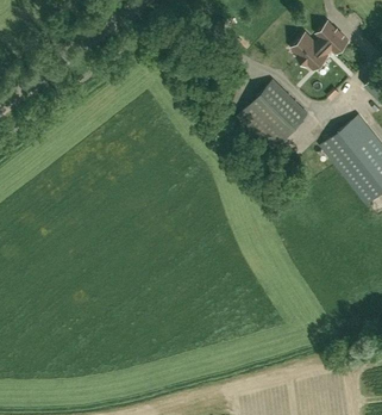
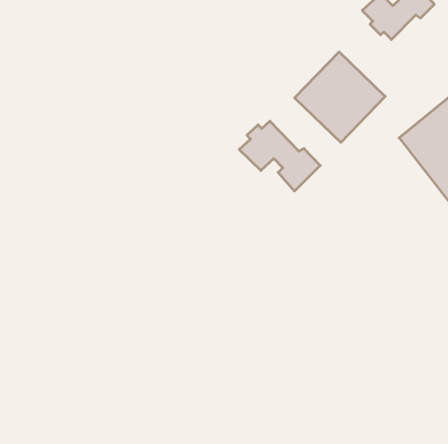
building: none -> [239,121,320,191]

